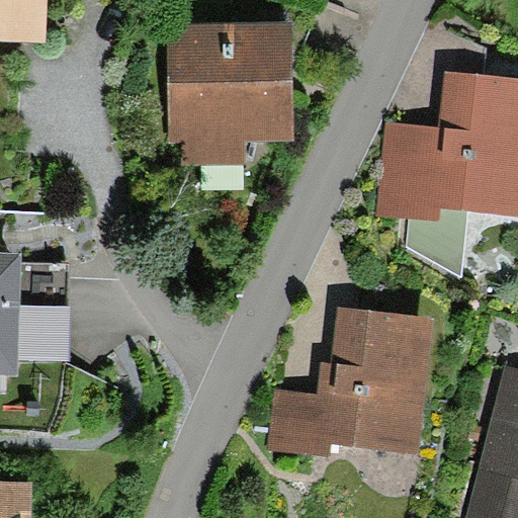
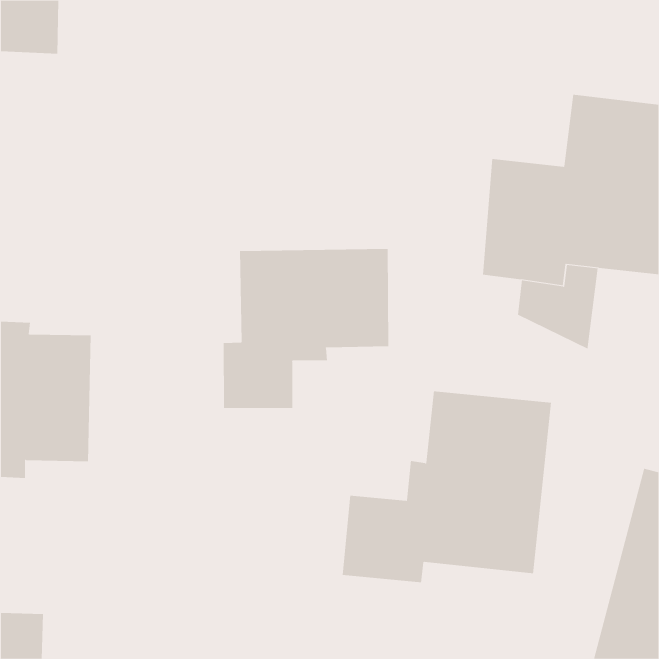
building: [172,28,291,157] -> none
building: none -> [223,248,389,409]

